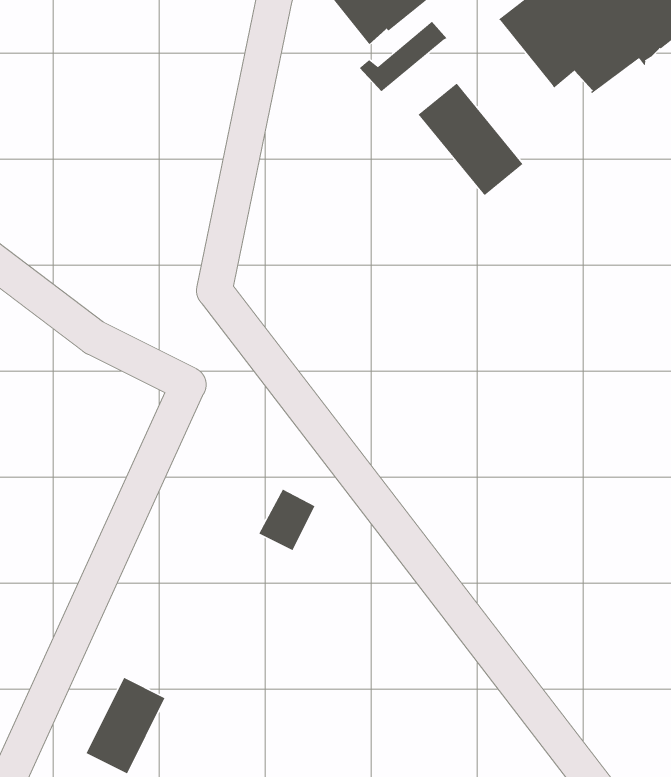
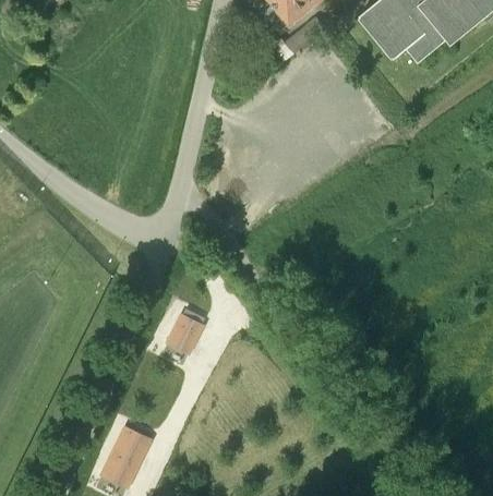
building: [418,82,523,196] -> none
building: [258,489,316,551] -> [166,315,202,354]

